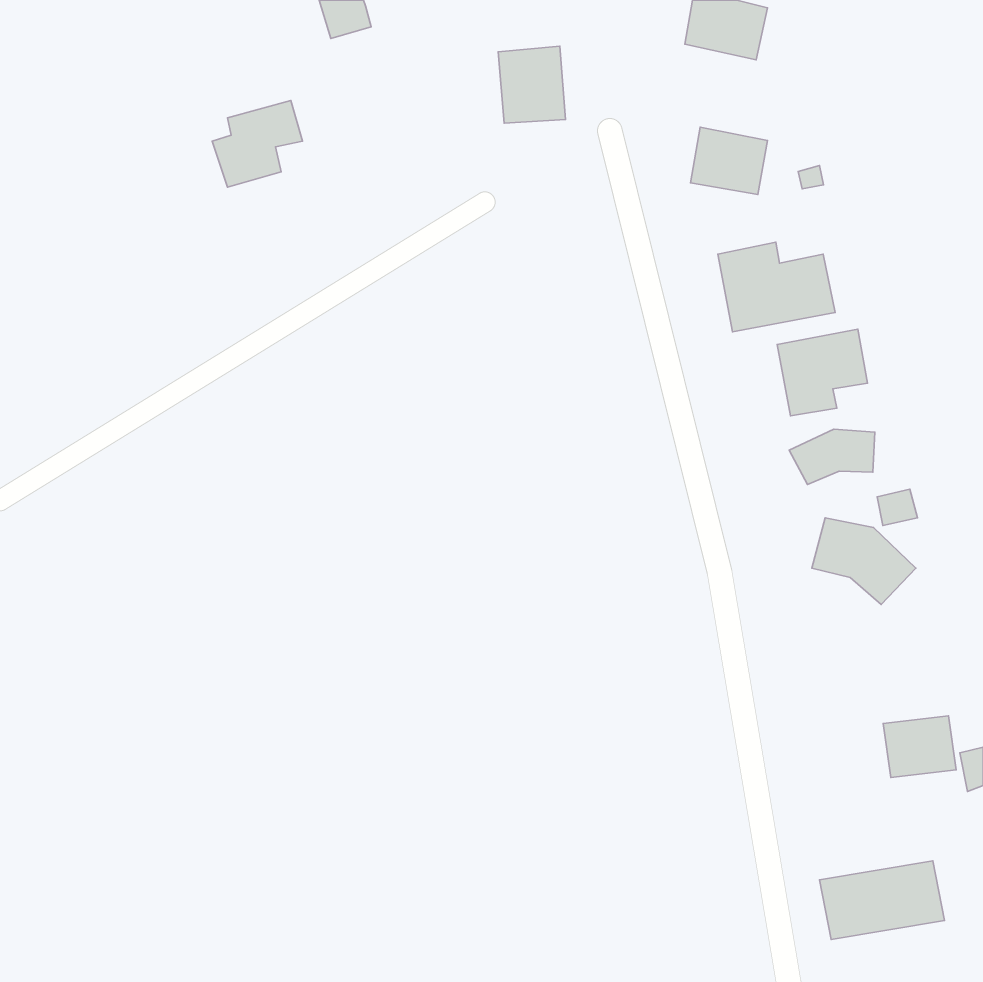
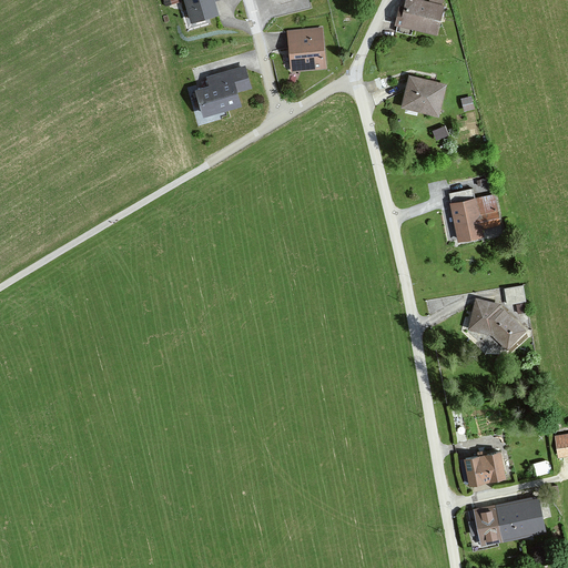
building: [212,101,302,187] -> [197,68,250,118]
building: [718,242,835,332] -> none
building: [789,429,875,484] -> none
building: [883,716,956,778] -> [465,450,507,486]

